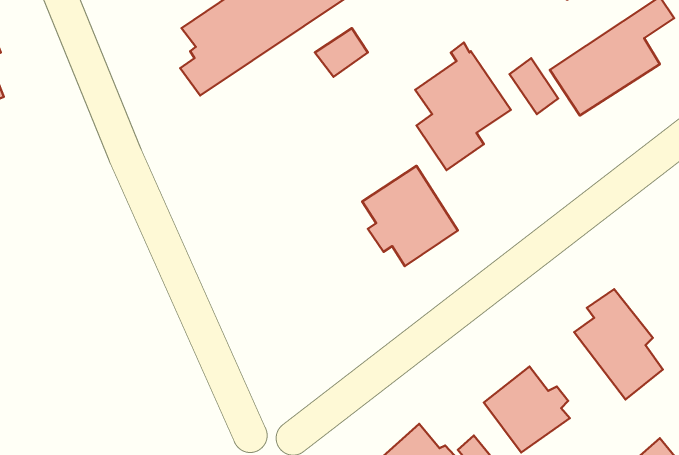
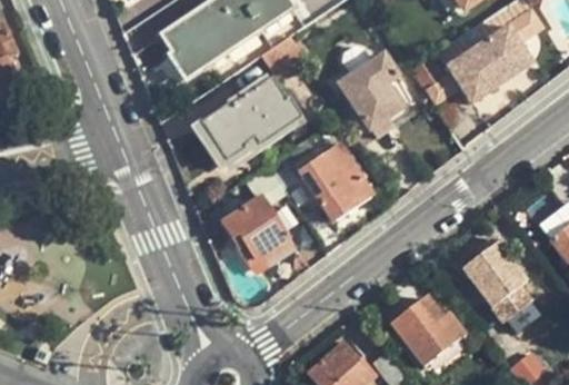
building: none -> [190,72,302,172]
building: none -> [221,152,298,268]

